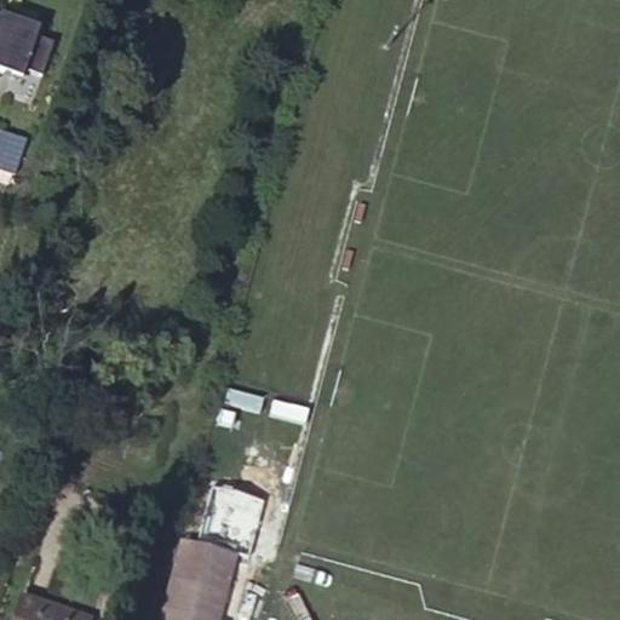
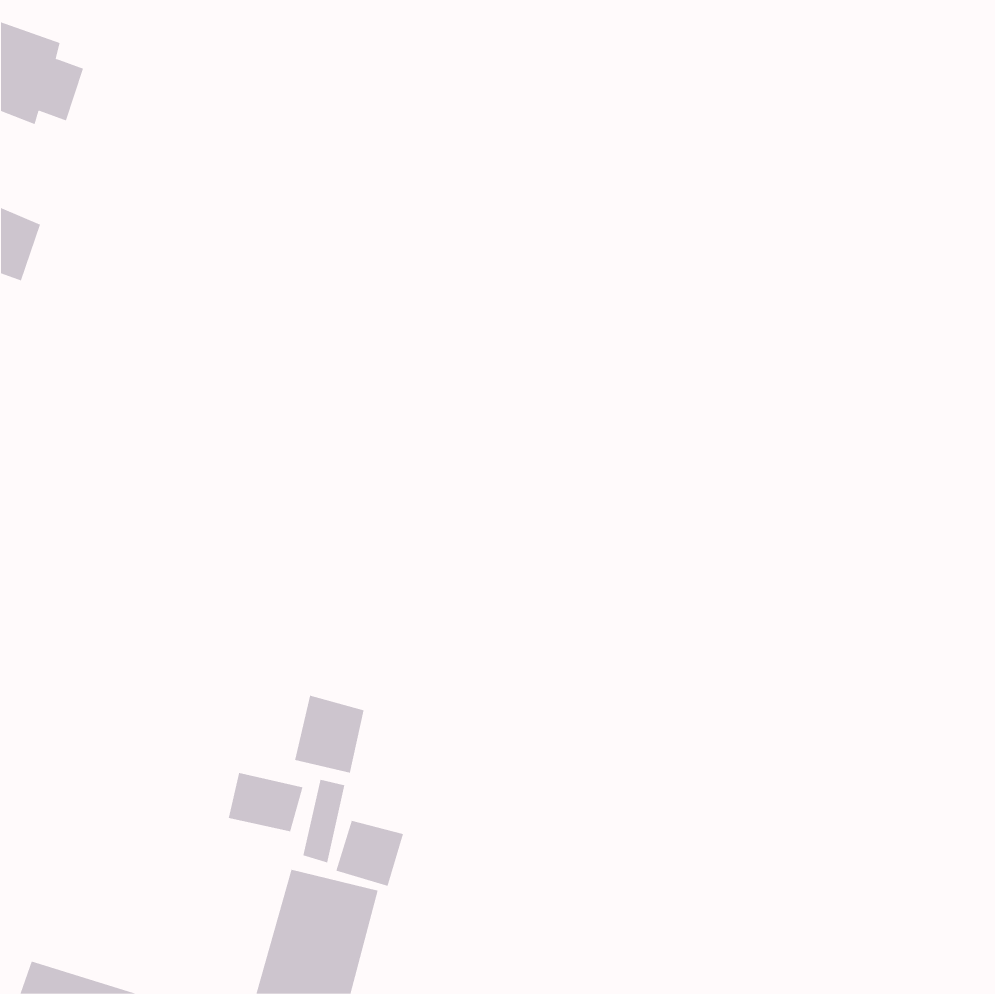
building: none -> [295,695,364,773]
building: none -> [228,772,303,832]

